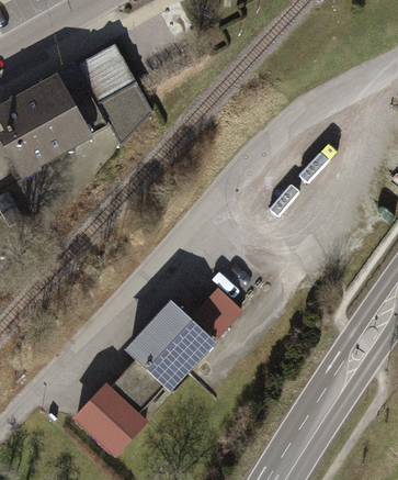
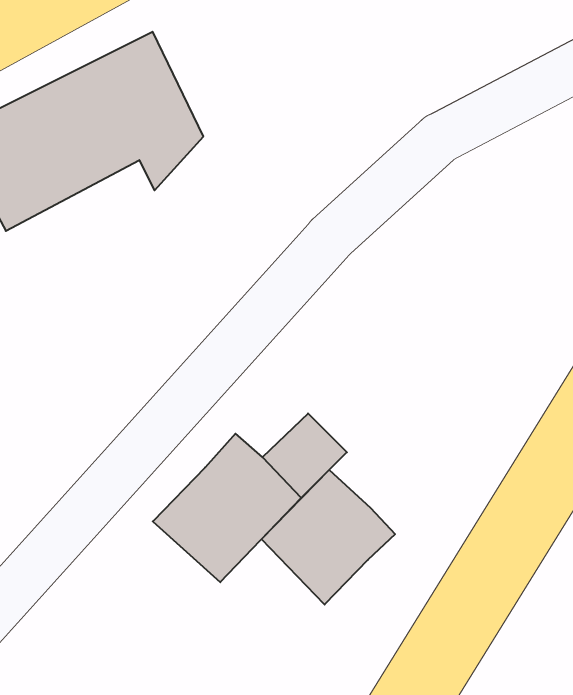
building: none -> [262,470,395,605]
building: [70,381,150,461] -> none

